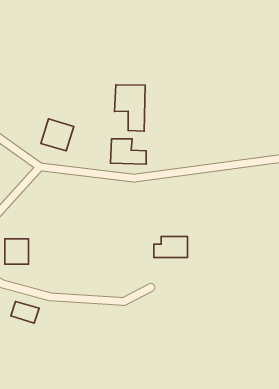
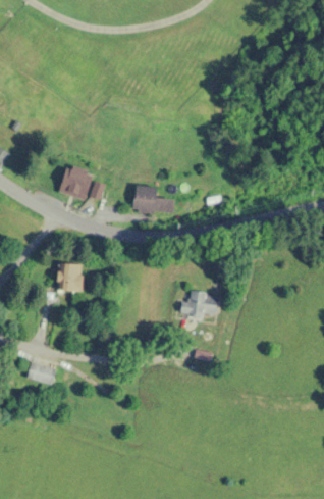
building: [114,85,145,131] -> none
building: [5,239,28,264] -> [58,263,84,291]

